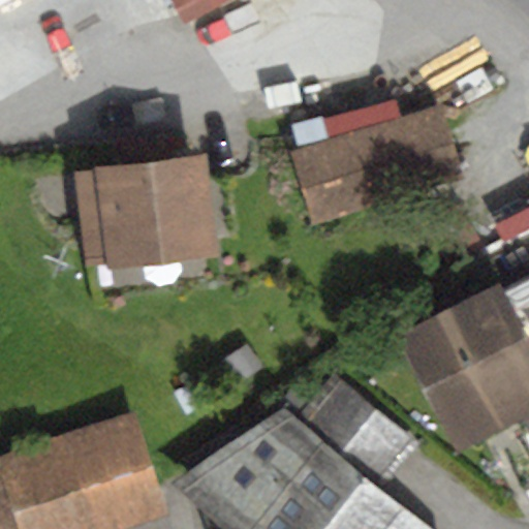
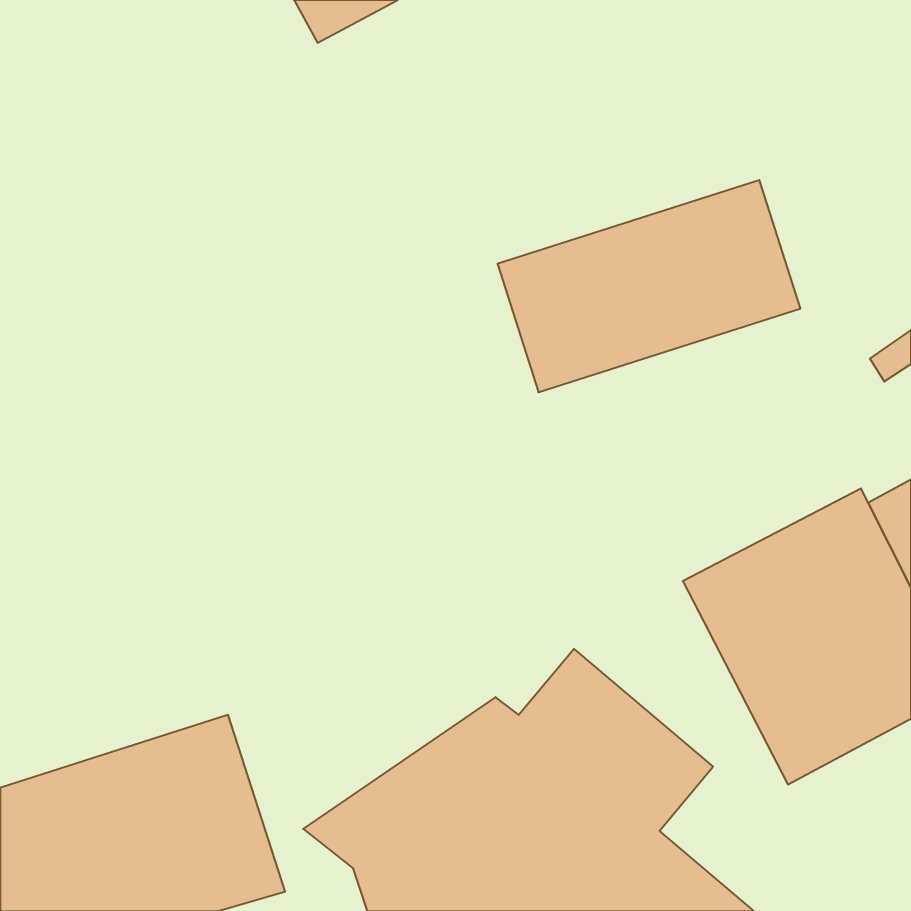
building: [73,153,241,270] -> none

